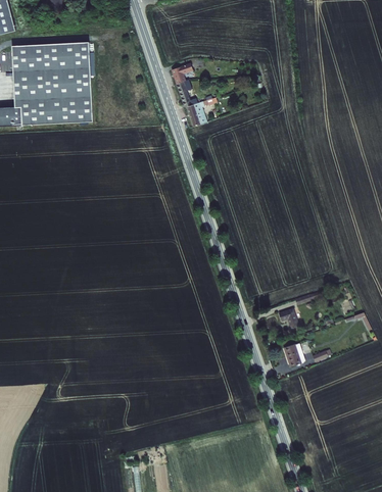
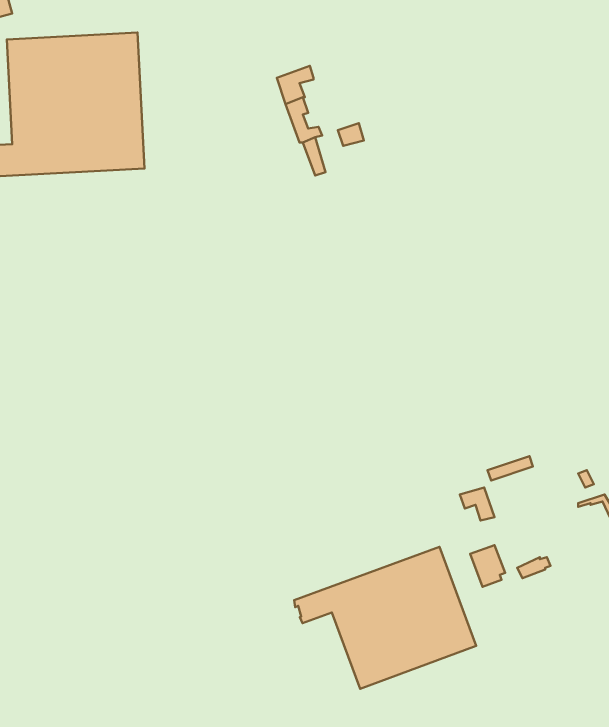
building: none -> [294,547,476,689]

